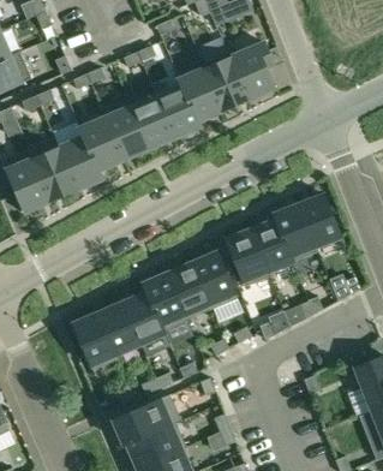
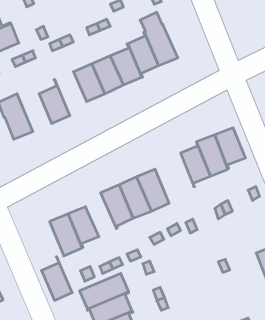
building: [227,43,273,99] -> none
building: [79,118,122,178] -> none
building: [28,148,74,199] -> none
building: [225,229,269,286] -> none
building: [121,284,163,344] -> [41,257,72,300]

